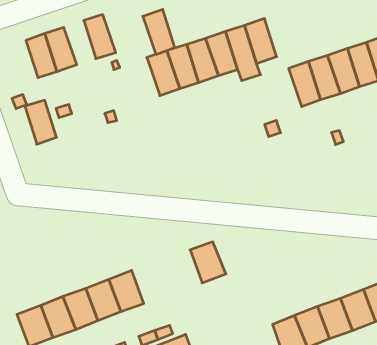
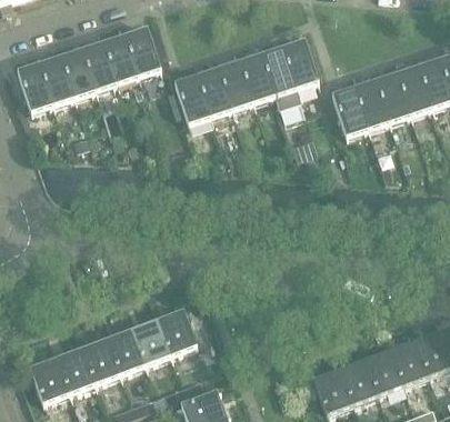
building: [143,9,175,54] -> [124,27,160,77]
building: none -> [81,41,117,90]
building: [25,100,57,144] -> [17,63,52,112]
building: [190,242,226,283] -> [157,310,197,355]

